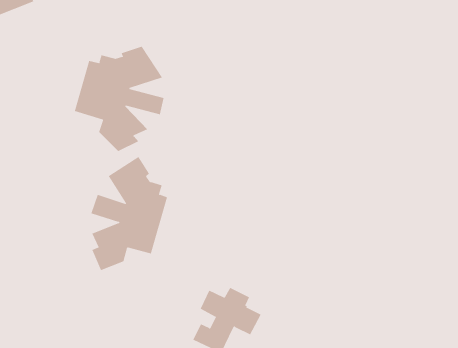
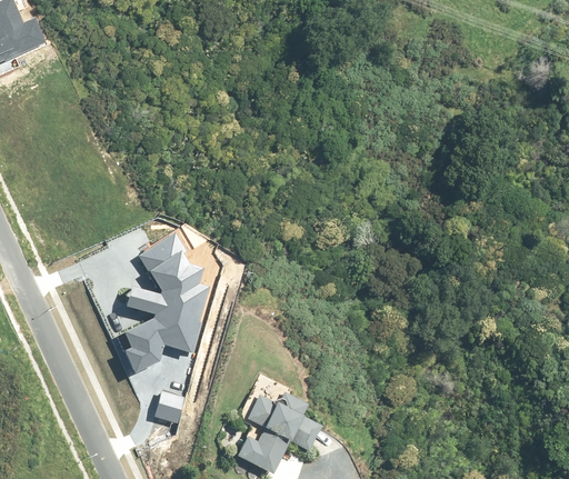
building: [74,46,164,152] -> none
building: none -> [156,391,183,422]

